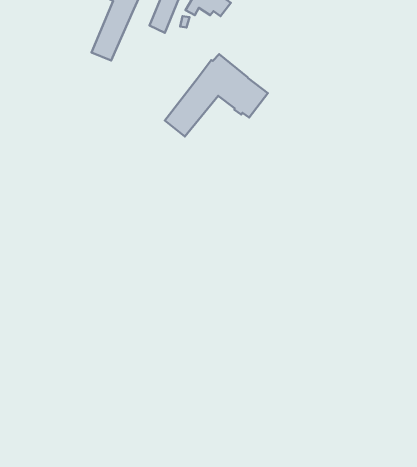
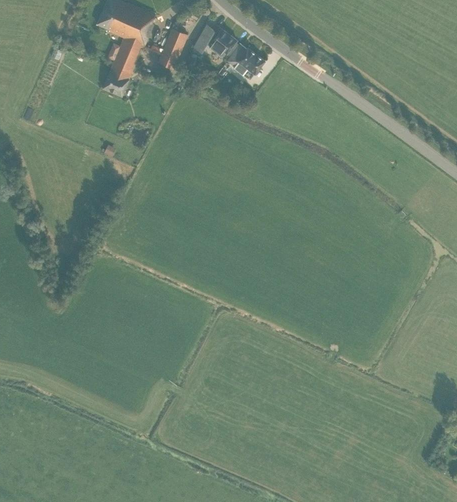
building: none -> [221,42,264,73]
building: [165,54,268,137] -> none

